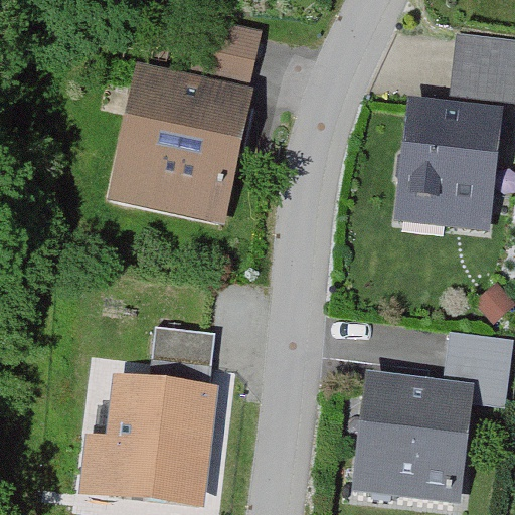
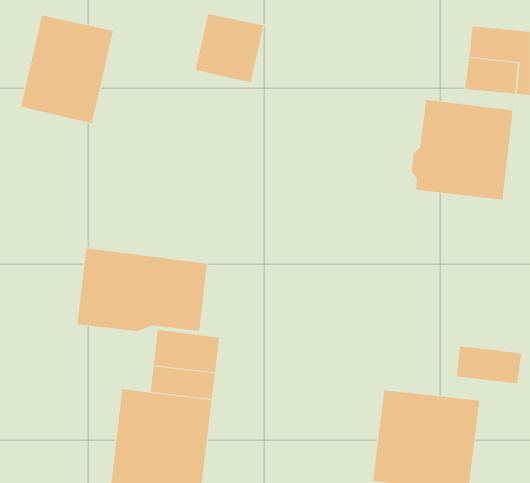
building: none -> [20,15,113,124]
building: [123,83,244,197] -> none
building: none -> [77,247,207,332]

